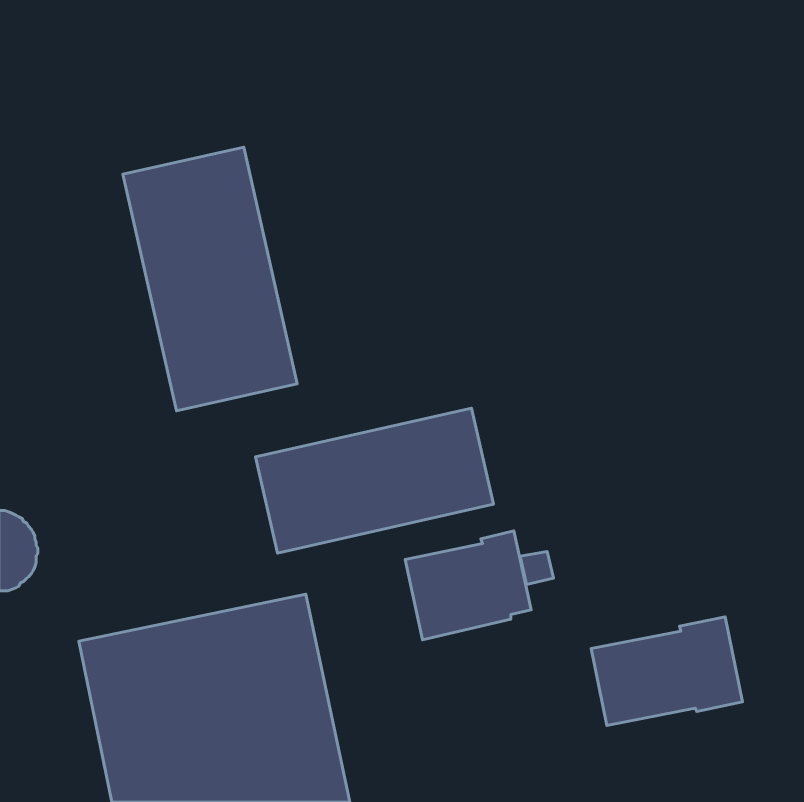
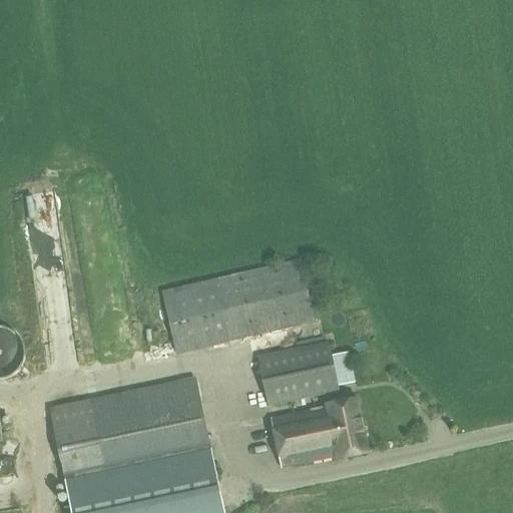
building: [123,147,297,411] -> none
building: [591,617,742,726] -> [271,397,367,466]

